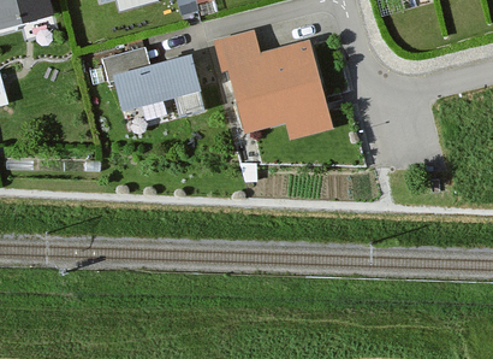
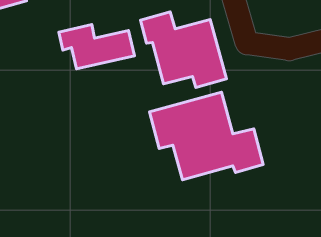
building: none -> [149,92,263,180]

